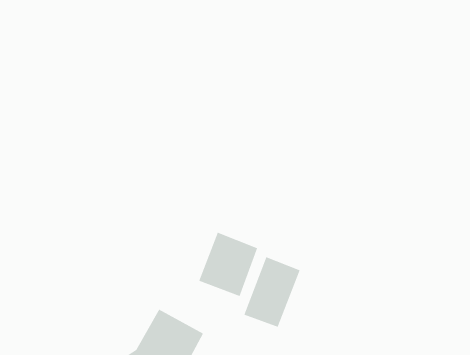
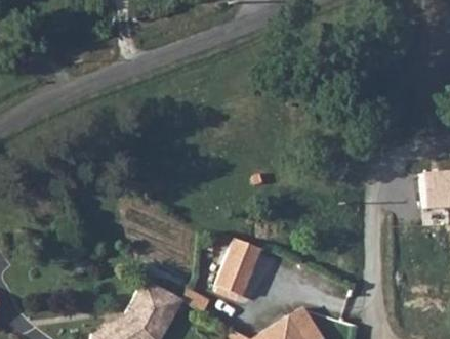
building: [199,232,258,297] -> none

